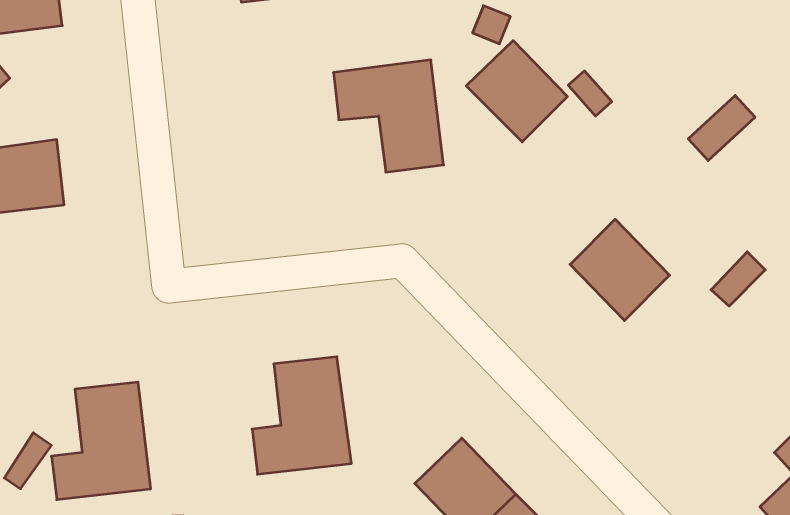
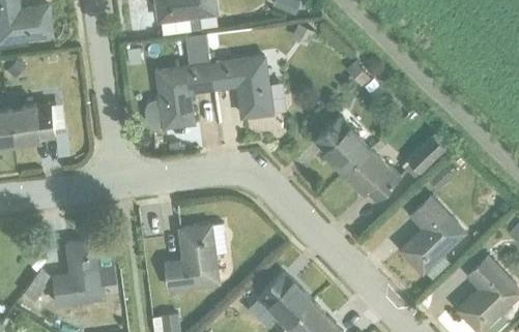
building: none -> [153,32,212,129]
building: [466,41,567,142] -> [313,114,371,172]
building: [688,95,755,161] -> [407,138,445,175]
building: none -> [397,198,466,278]

